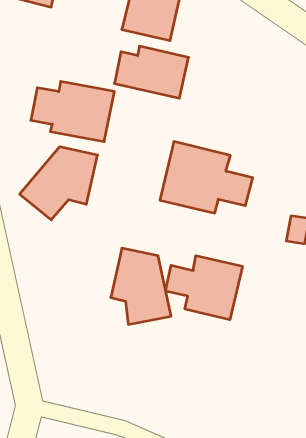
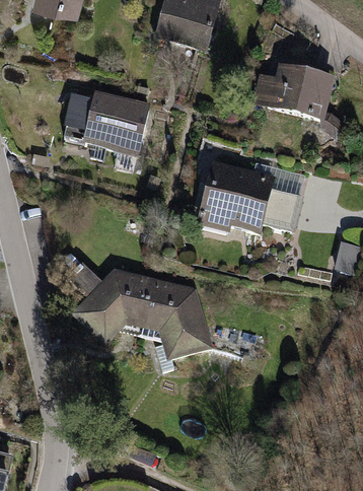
building: [114,46,189,98] -> [255,61,336,118]
building: [20,147,98,220] -> [71,266,156,346]
building: [166,256,242,320] -> none

